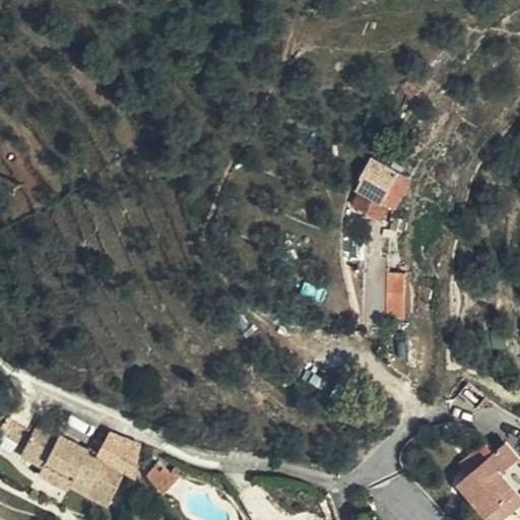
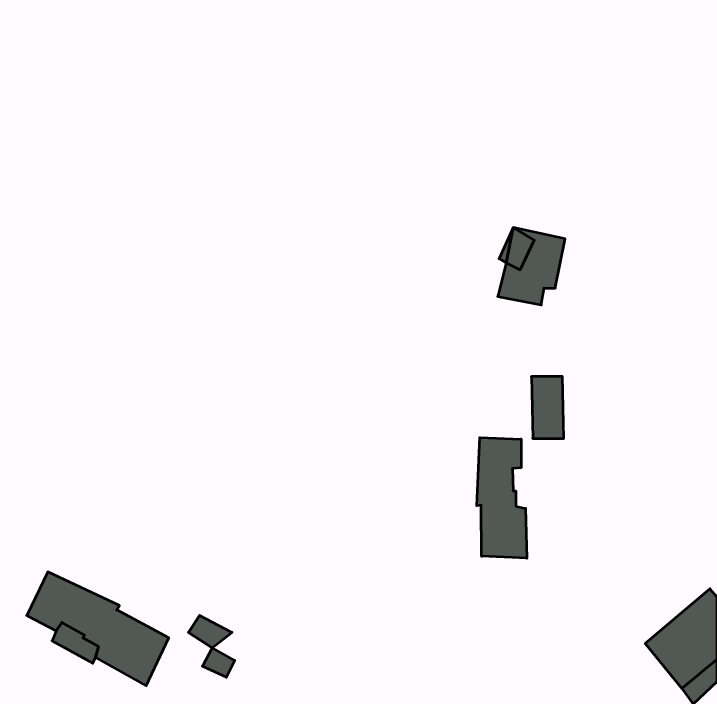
building: none -> [477,438,527,558]
building: [99,432,138,473] -> none

